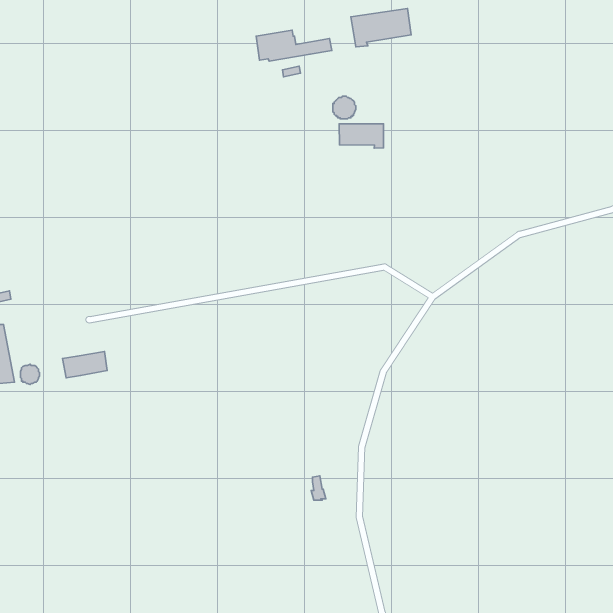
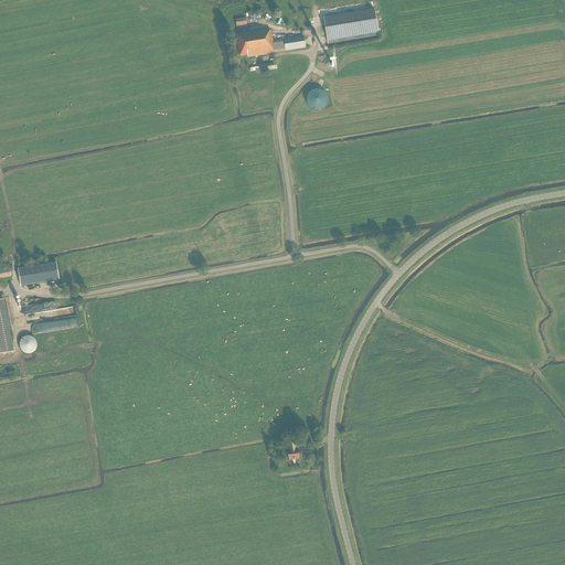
building: [339,124,384,148] -> none
building: [63,351,107,378] -> [15,260,56,285]

